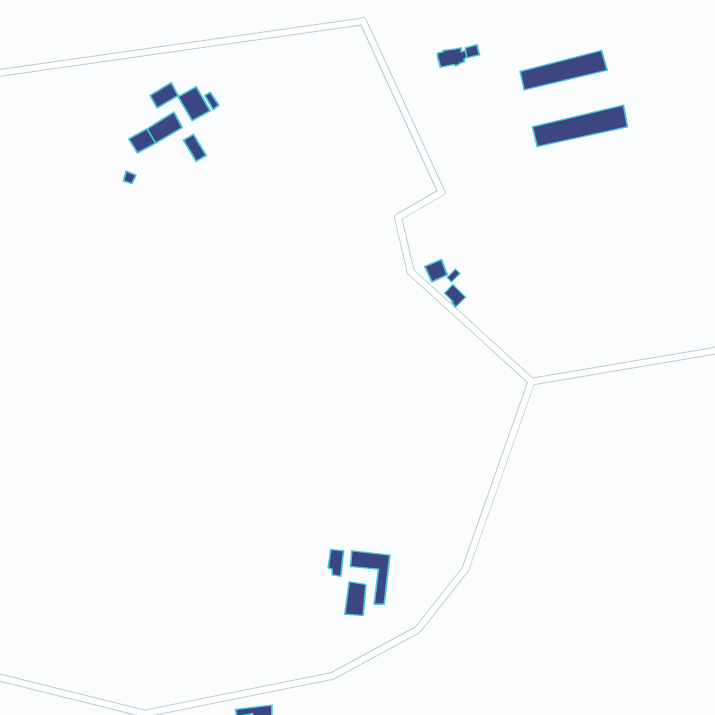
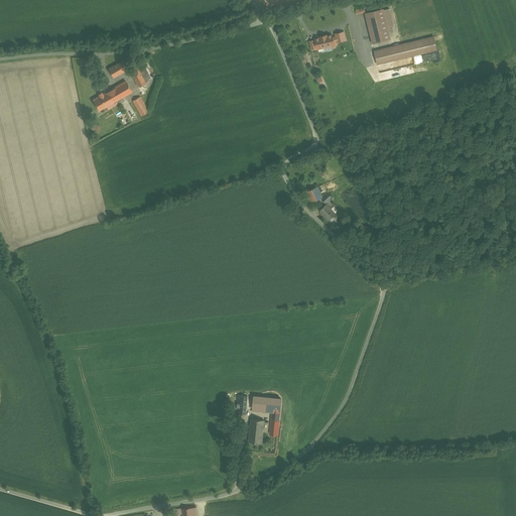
building: none -> [365,10,390,44]
building: [532,105,627,146] -> none

